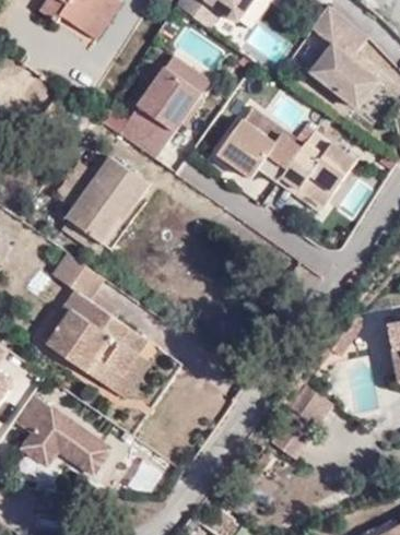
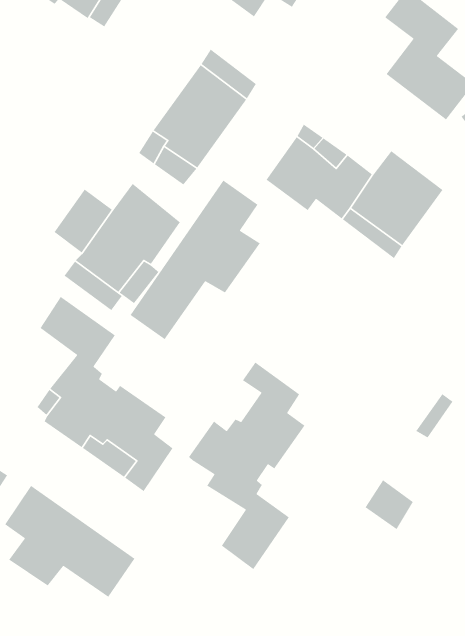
building: none -> [129,180,261,340]
building: none -> [188,362,306,570]

